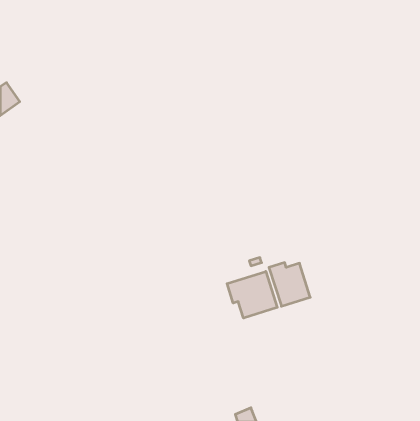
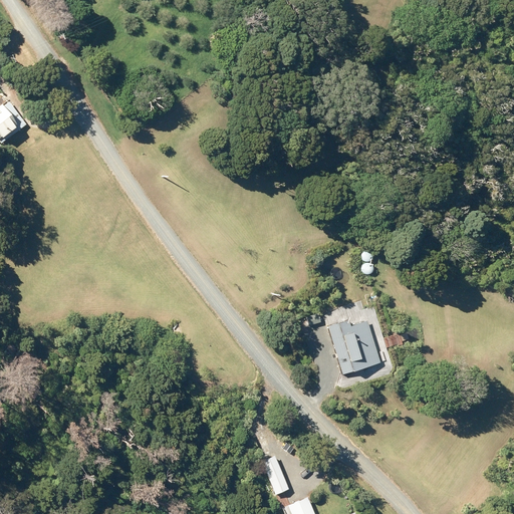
building: [227,271,277,318] -> none
building: none -> [260,456,287,494]

